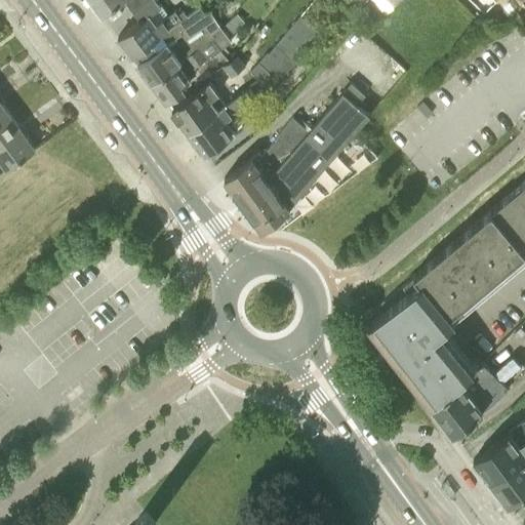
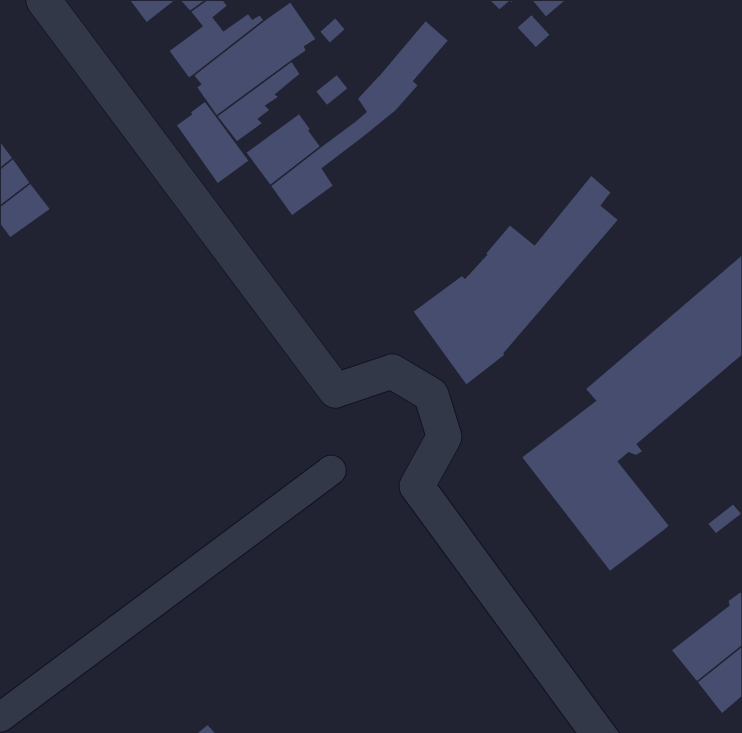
building: none -> [176,101,249,184]
building: [225,87,370,236] -> [413,175,619,385]
building: [431,368,506,439] -> none

